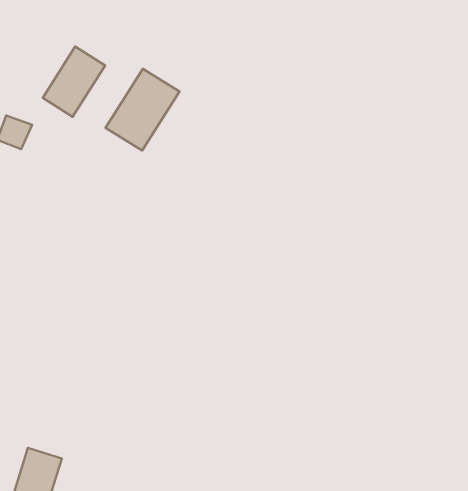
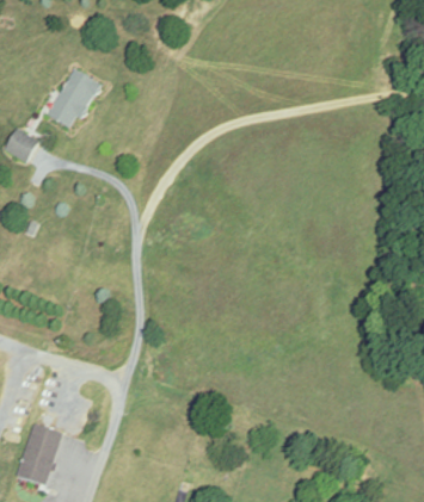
building: [106,69,179,151] -> none

